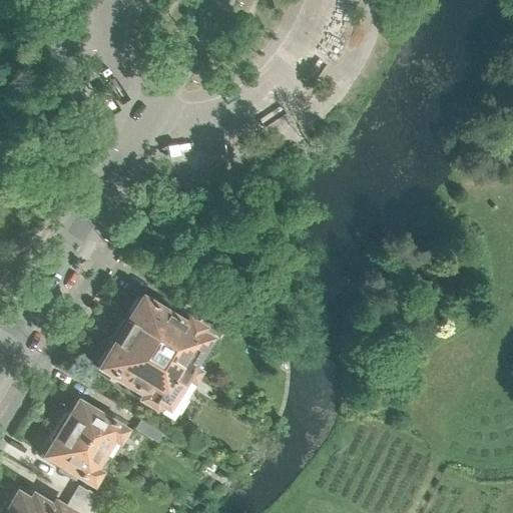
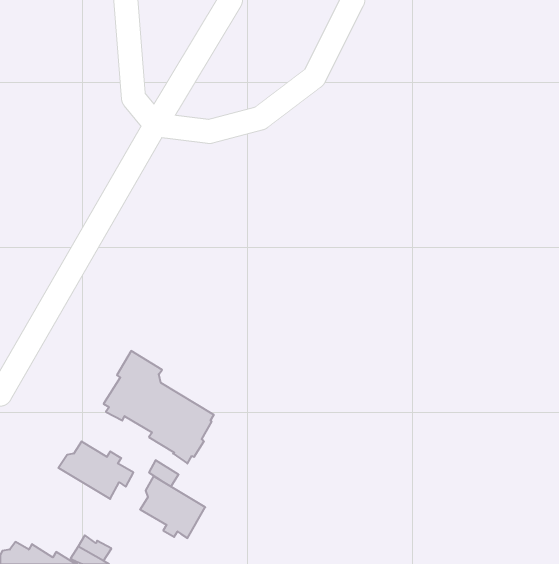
building: [123,295,223,377] -> none
building: [45,425,104,481] -> [140,476,205,538]

